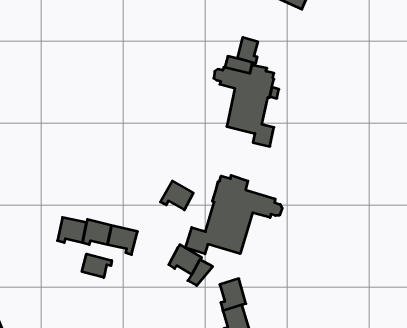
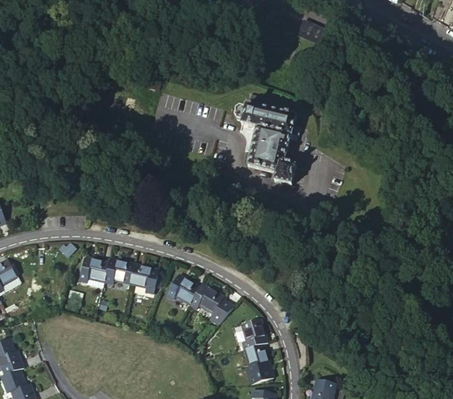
building: [238,37,258,63] -> none
building: [185,175,282,254] -> none
building: [160,181,193,210] -> [166,274,199,303]
building: [82,254,112,278] -> none

